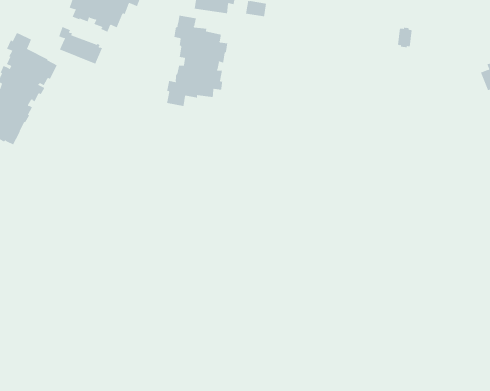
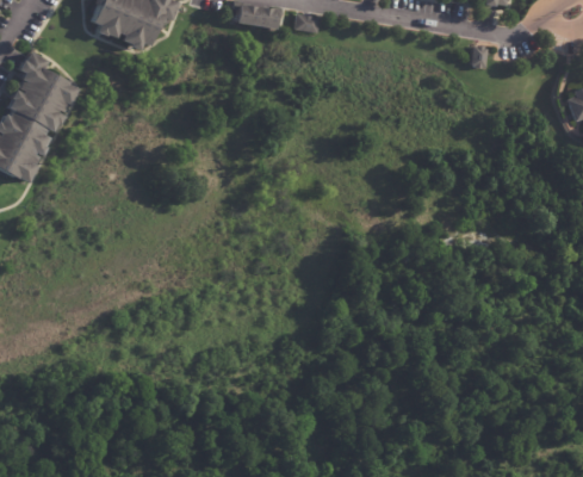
building: [166,15,228,107] -> none
building: [59,26,103,65] -> none

